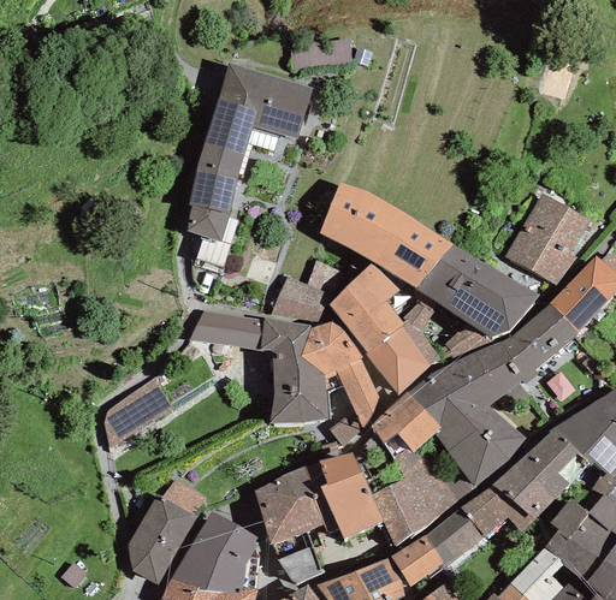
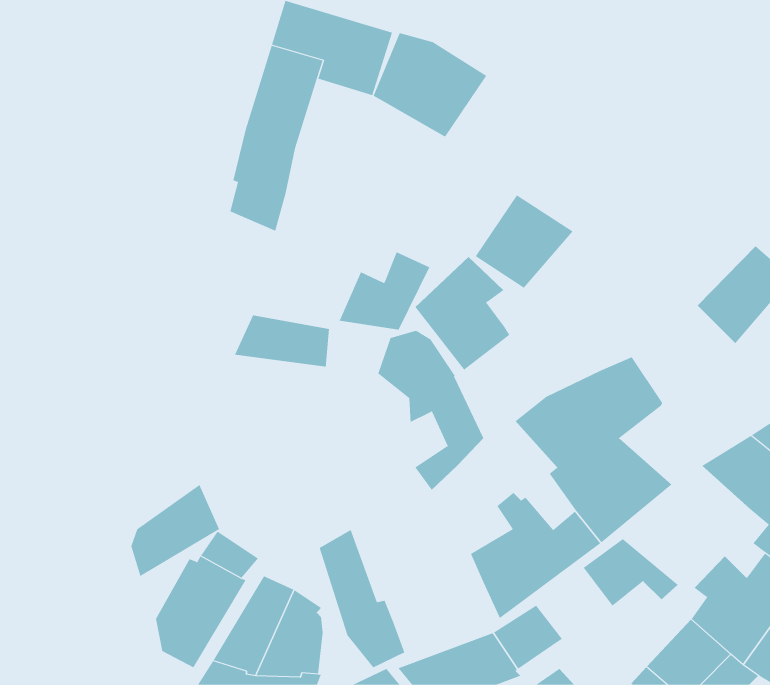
building: [320,182,409,263] -> [373,33,487,137]
building: [504,192,592,285] -> none
building: [415,244,539,337] -> none
building: [366,299,443,394] -> none
building: [499,302,580,385] -> none
building: [261,316,328,423] -> none
building: [103,374,173,446] -> [130,484,220,577]
building: [371,392,440,458] -> none
building: [492,427,591,519] -> none
building: [319,451,384,537] -> none
building: [280,465,328,549] -> none
building: [425,506,484,569] -> none

